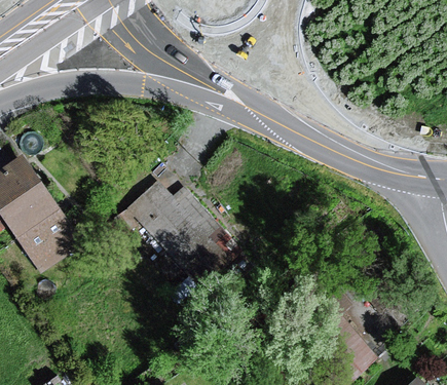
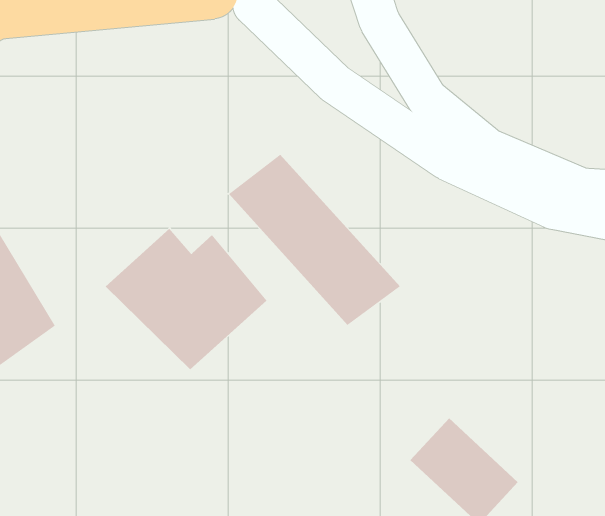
building: none -> [228,154,401,326]

